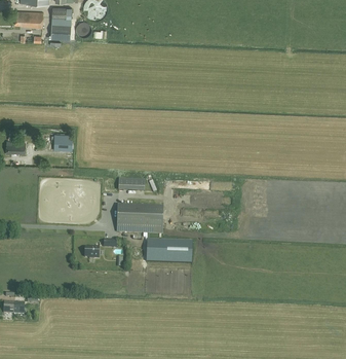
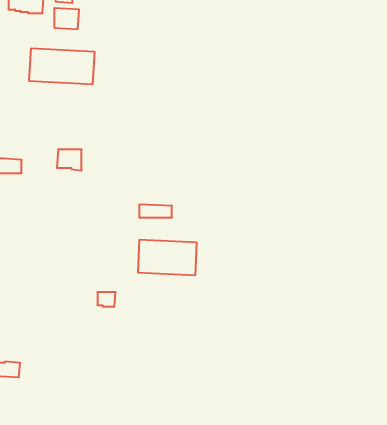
building: none -> [29,48,94,84]
building: [146,239,192,262] -> none

